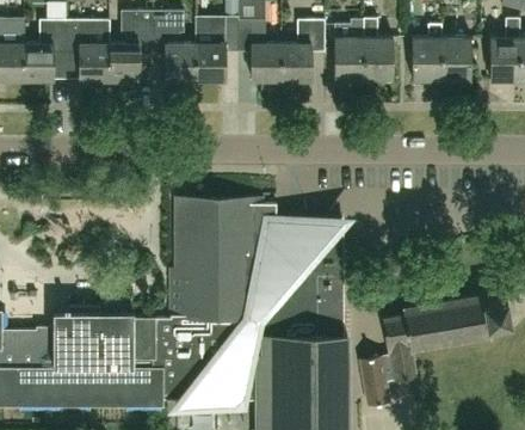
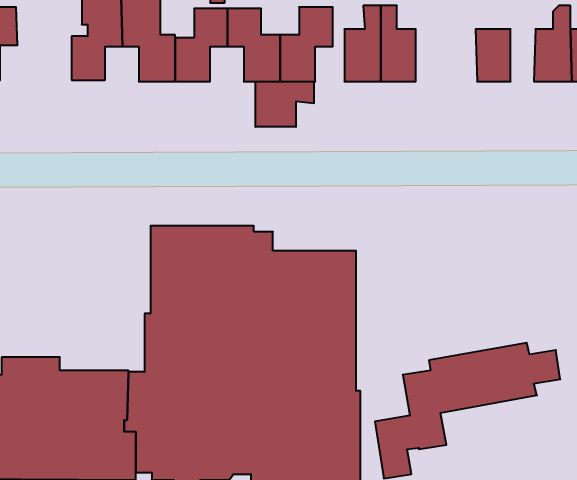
building: [66,20,111,80] -> none
building: [412,25,443,81] -> none
building: none -> [255,82,314,127]

